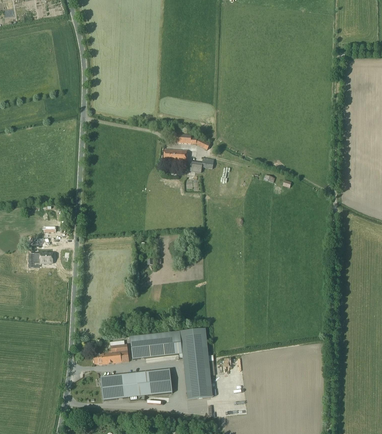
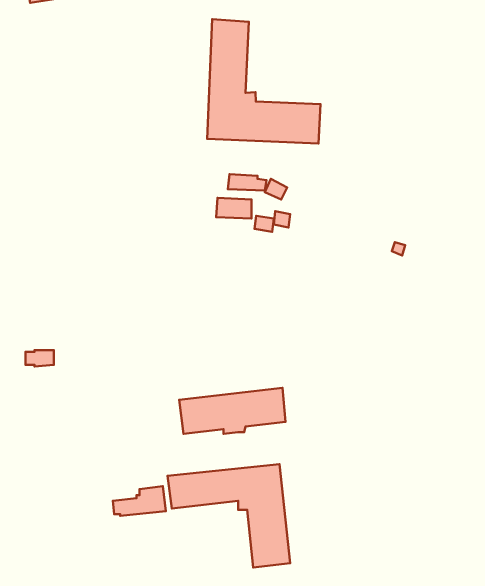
building: none -> [207,19,321,143]
building: [100,369,172,400] -> [179,388,286,434]

